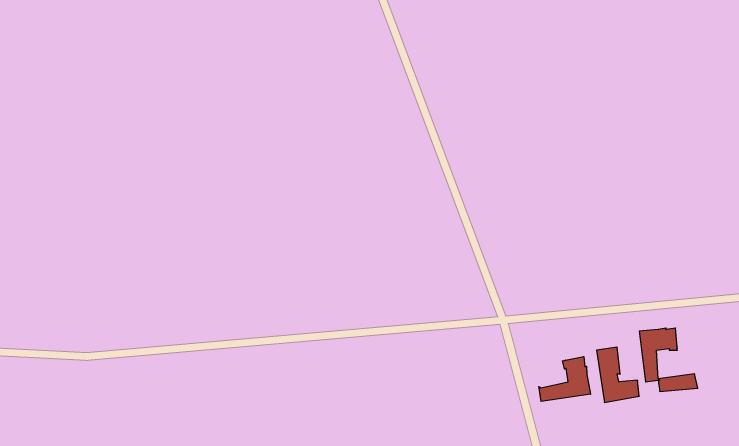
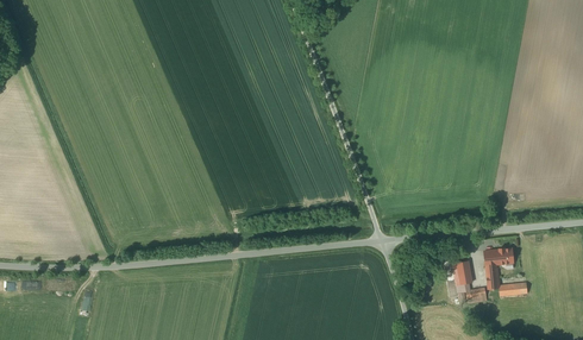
building: [539,357,591,401] -> none

